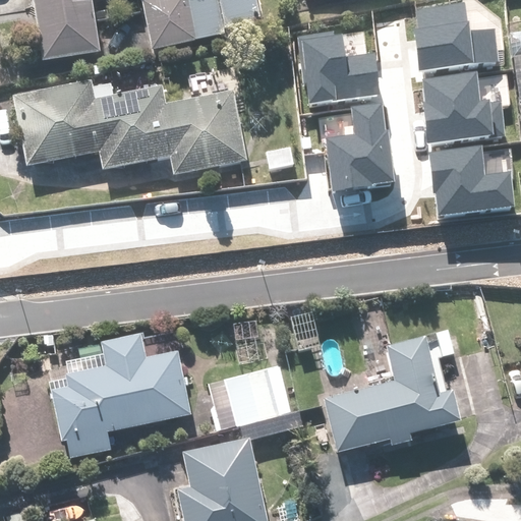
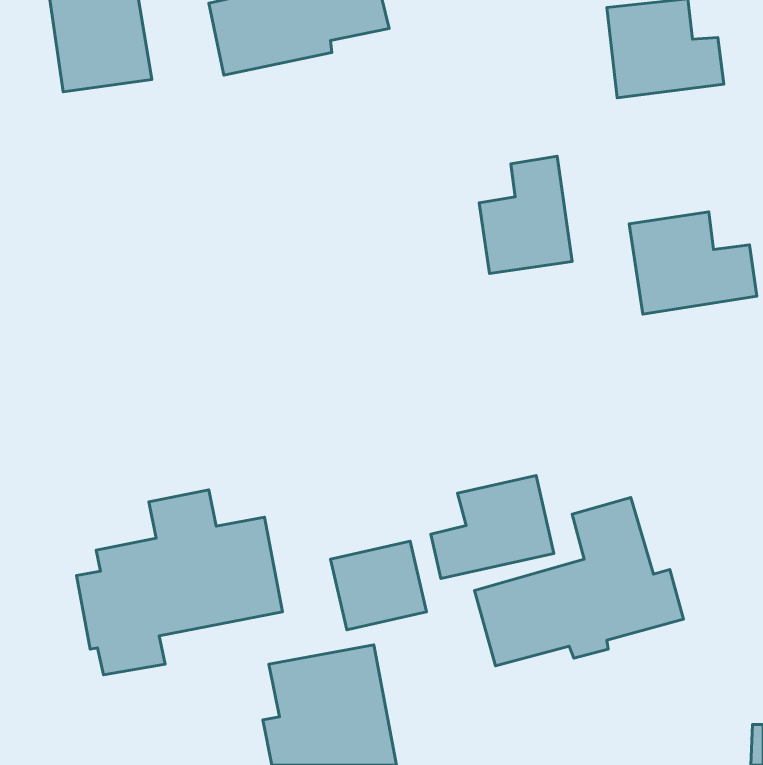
building: [302,30,374,100] -> none
building: [422,71,501,137] -> none
building: [14,81,248,176] -> none
building: none -> [431,476,554,578]

